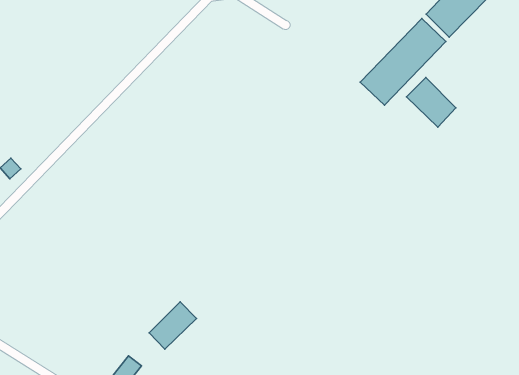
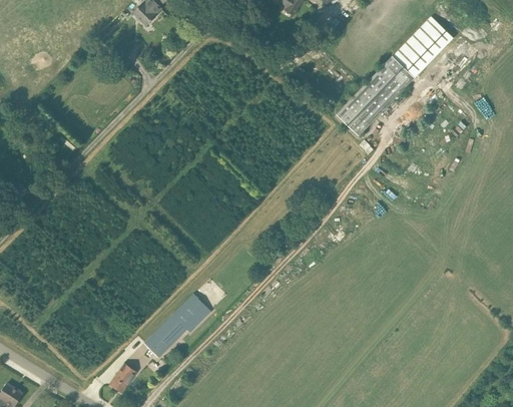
building: [407,77,456,127] -> none
building: none -> [171,294,210,332]

